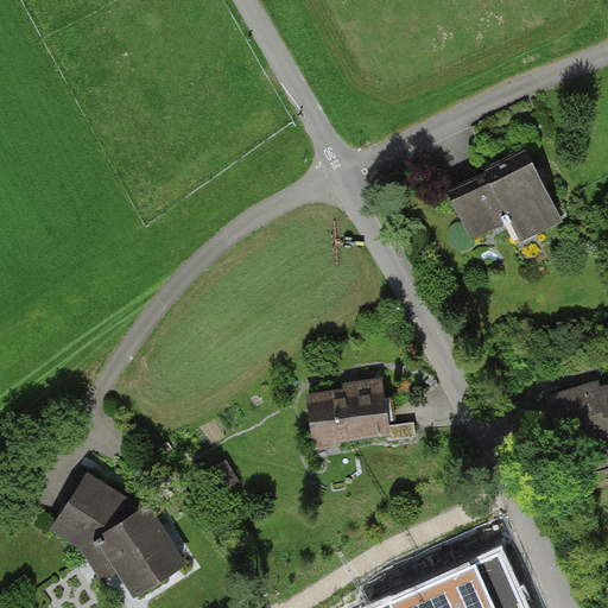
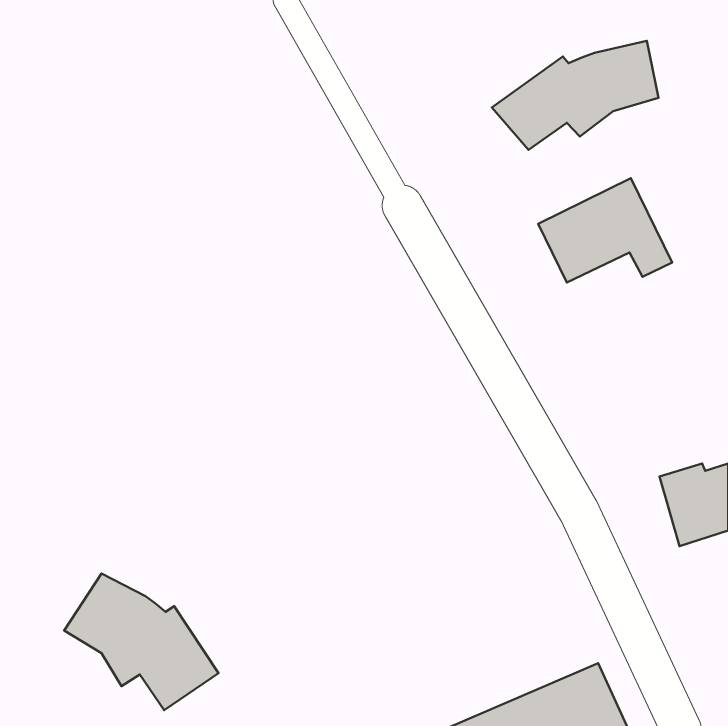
building: none -> [492,41,658,150]
building: [309,380,399,450] -> none

